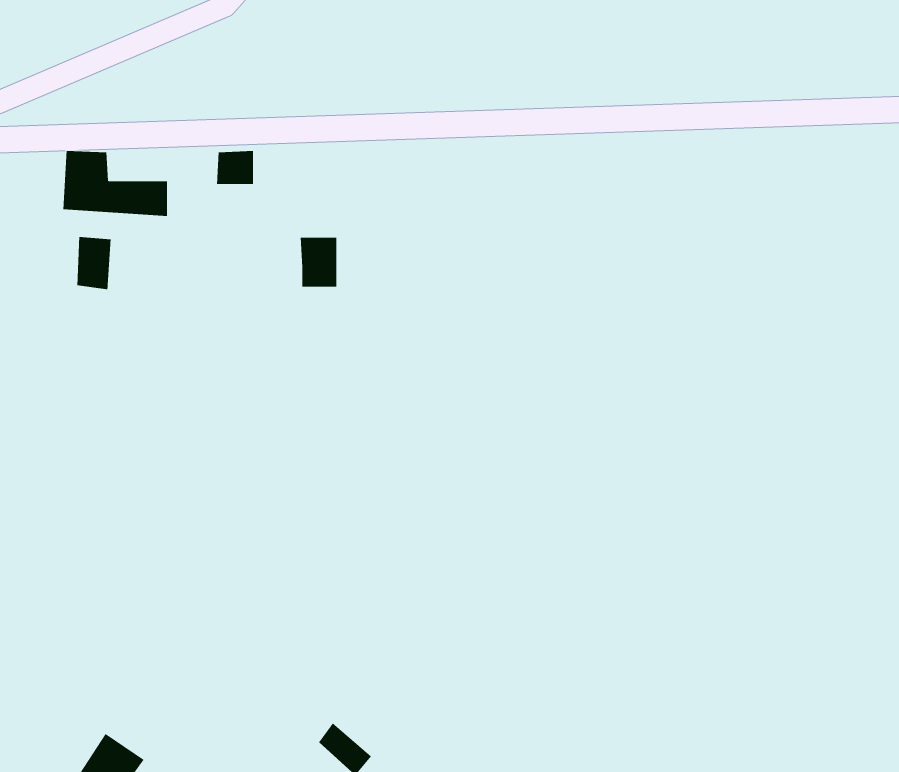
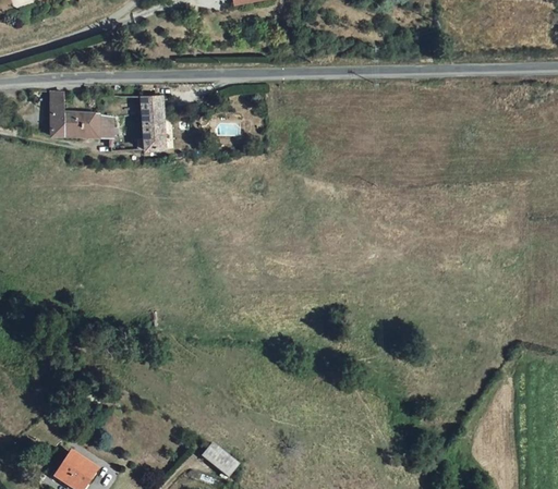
building: [77,236,111,290] -> none
building: [300,237,337,287] -> [140,117,162,147]

